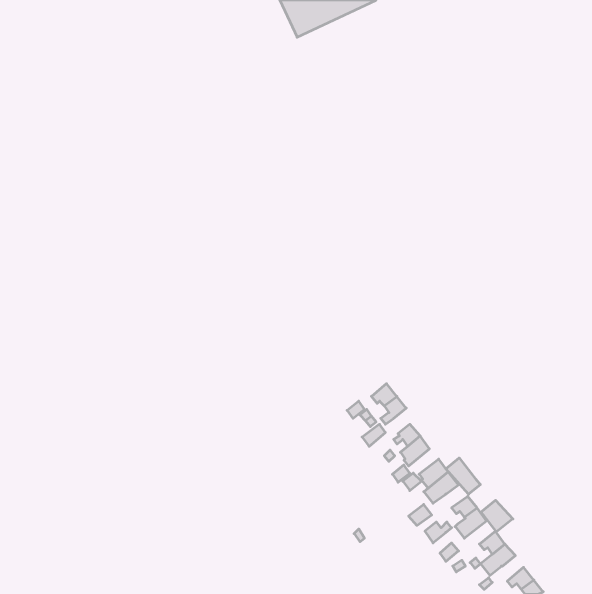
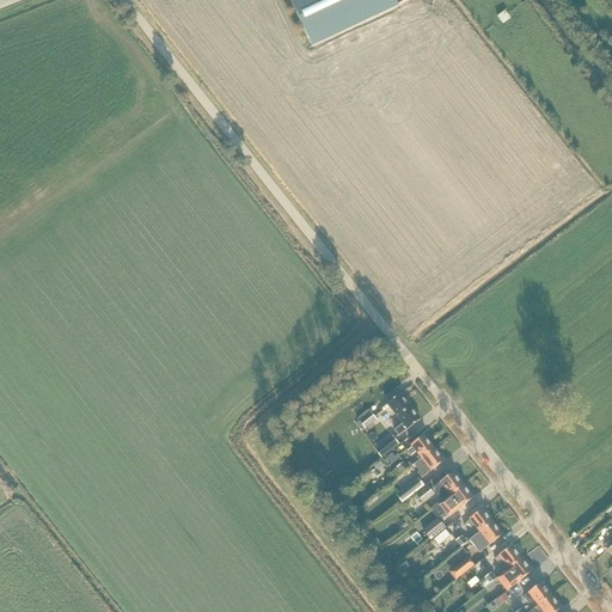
building: [446,458,480,494] -> none
building: [481,500,513,532] -> none

